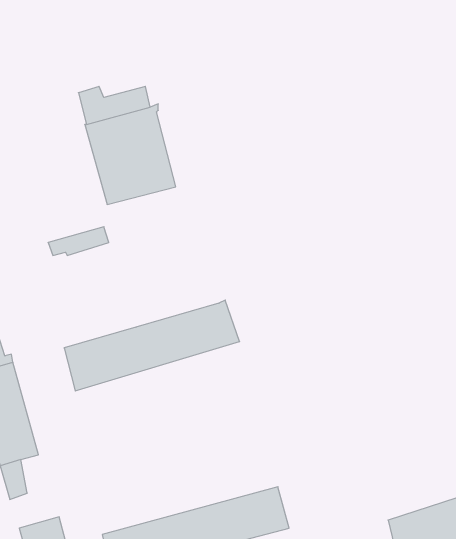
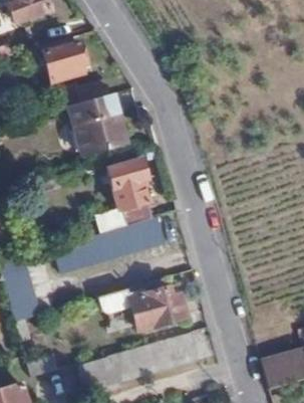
building: none -> [44,38,86,81]
building: none -> [95,160,154,234]
building: none -> [128,278,187,331]

